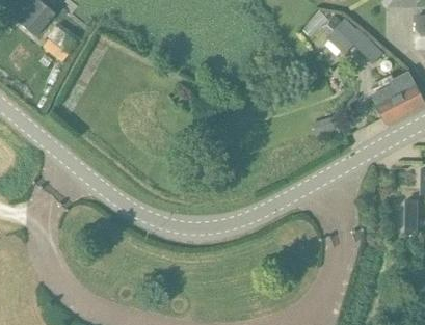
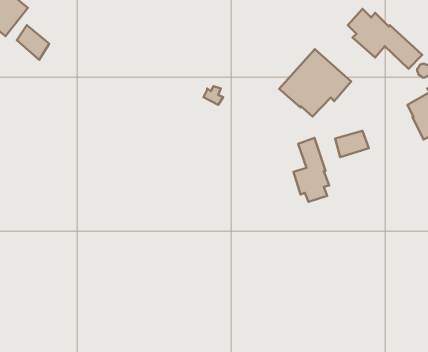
building: none -> [279,49,351,117]
building: none -> [294,138,329,202]

